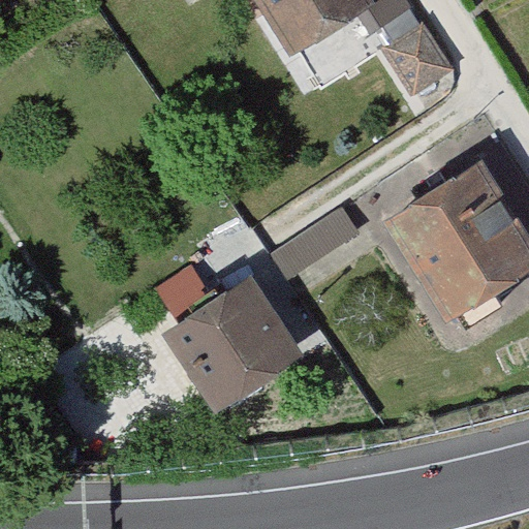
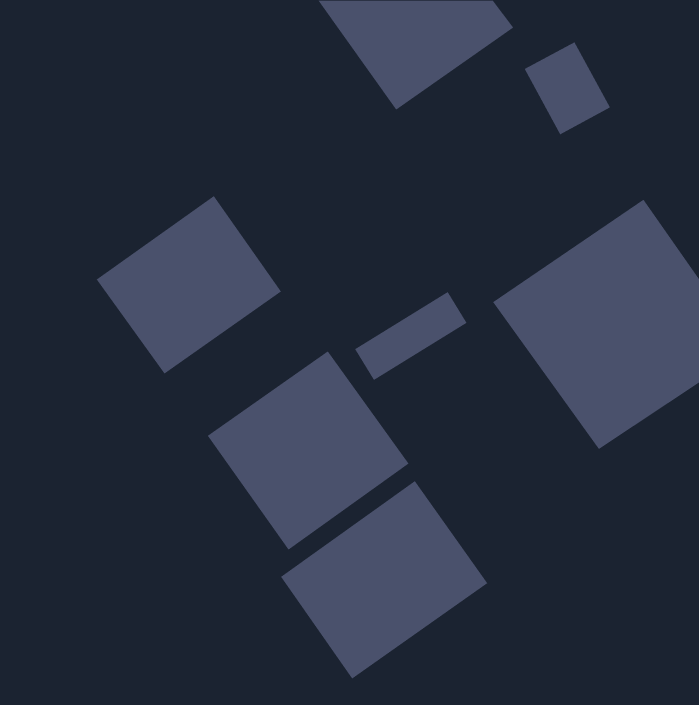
building: none -> [96,195,282,375]
building: none -> [280,480,488,680]

